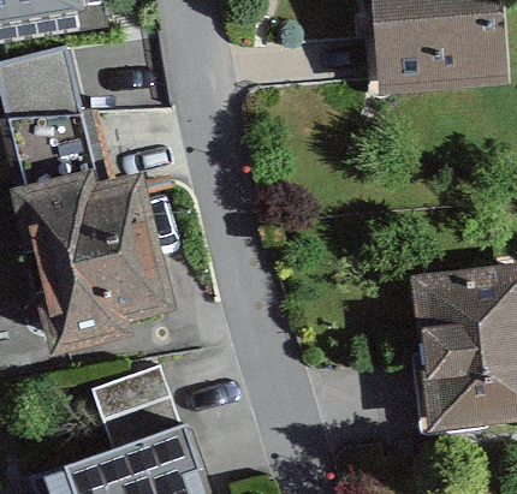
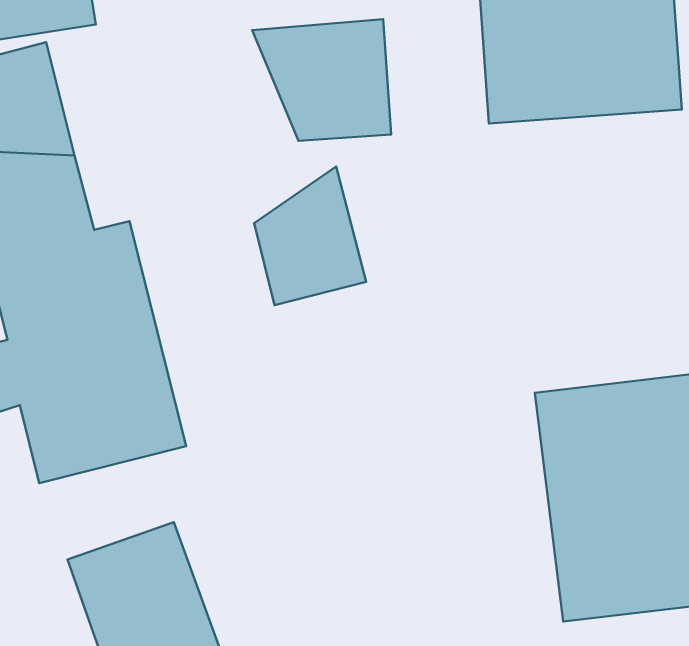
building: none -> [252,19,391,141]
building: none -> [254,167,366,305]

